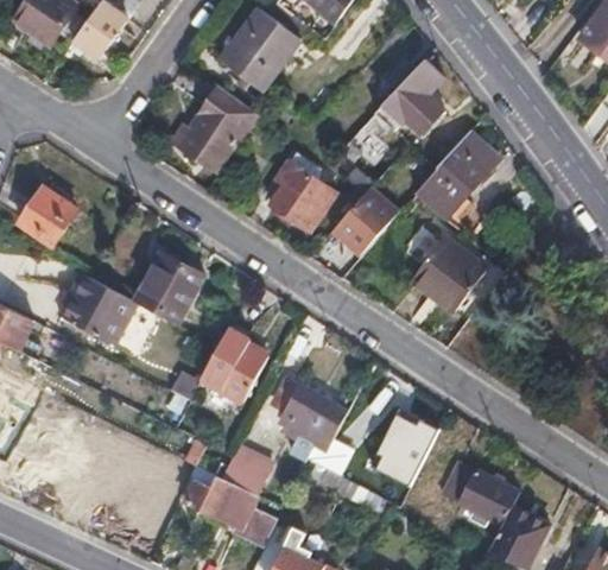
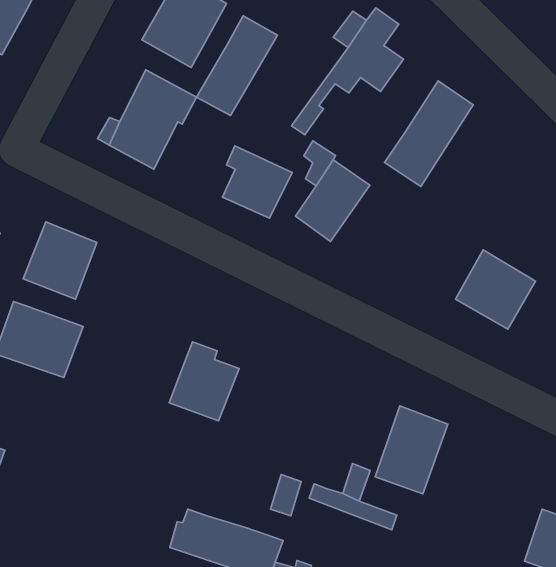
building: none -> [196,16,277,116]
building: [414,238,486,309] -> [455,250,536,329]
building: [137,254,204,324] -> [23,222,97,299]
building: [271,378,348,454] -> none
building: [222,446,270,493] -> none
building: [443,462,520,527] -> none

